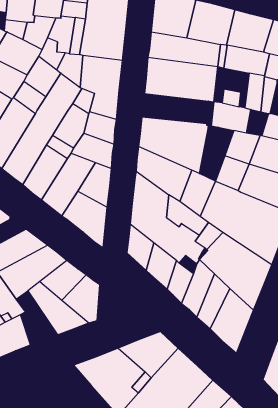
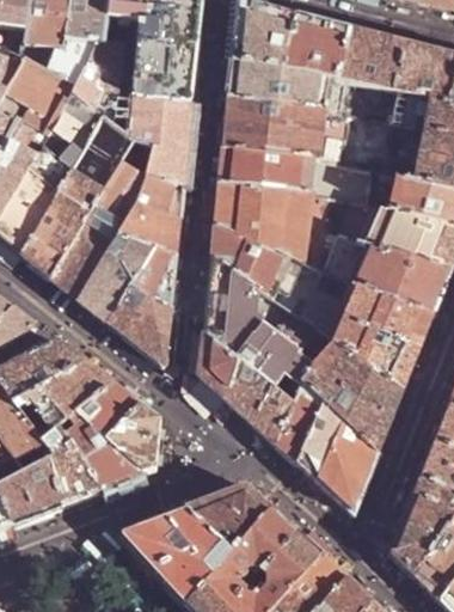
building: none -> [220,147,321,194]
building: none -> [301,195,350,271]
building: none -> [42,427,100,503]

